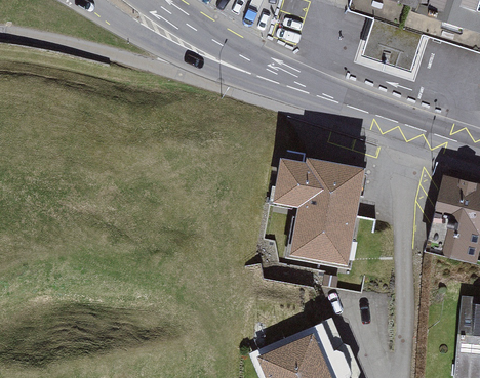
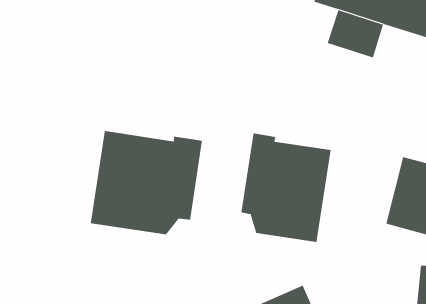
building: none -> [90,130,203,235]

